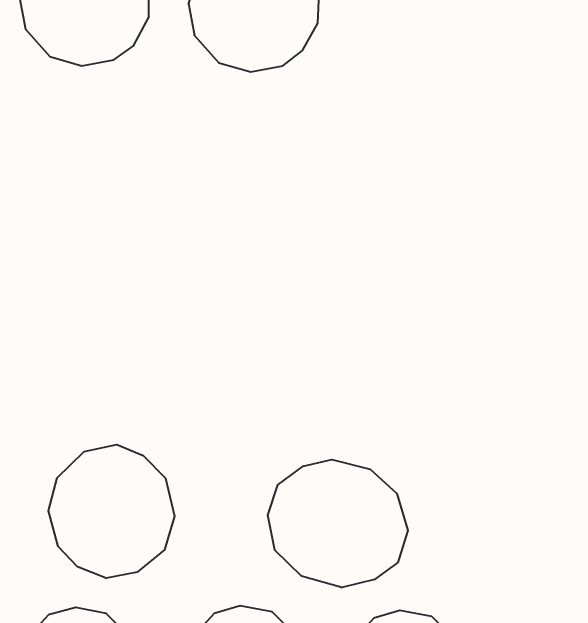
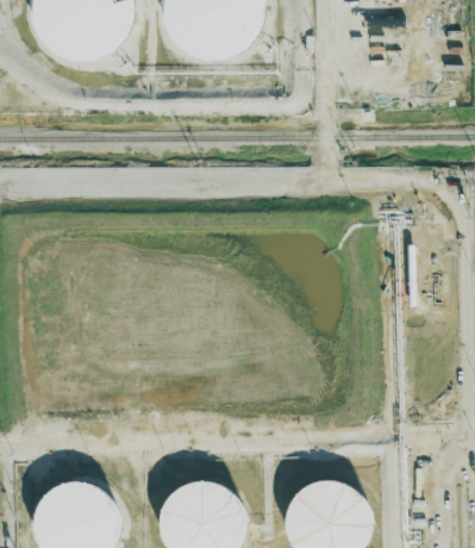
building: [48,445,175,578] -> none
building: [268,460,408,588] -> none

